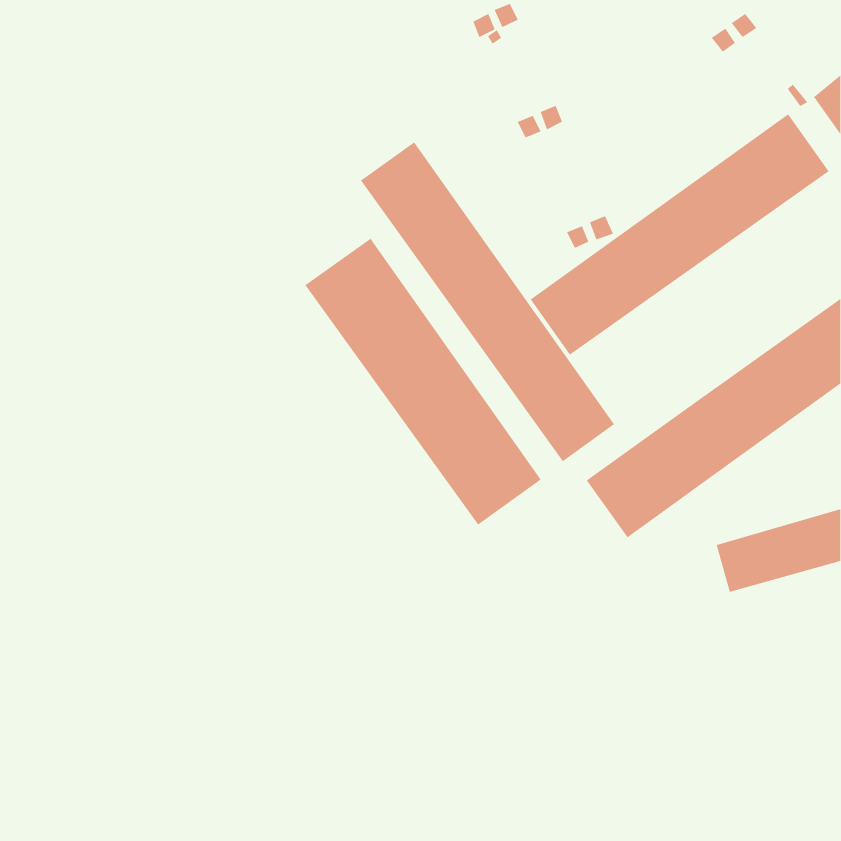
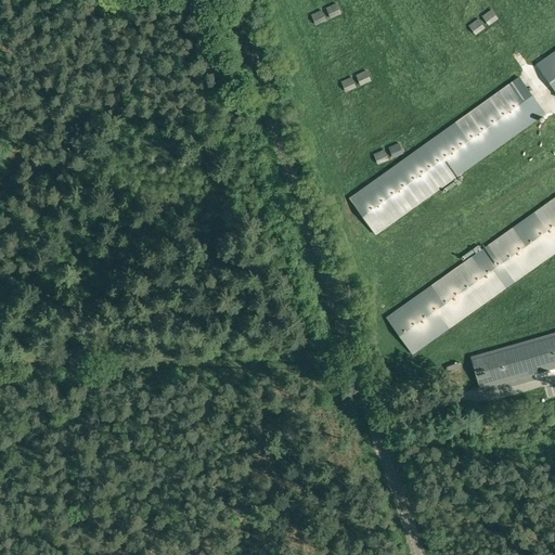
building: [360,142,615,462] -> none
building: [305,238,542,526] -> none

